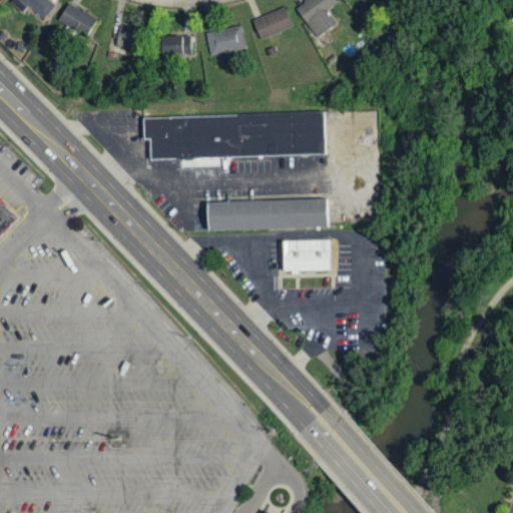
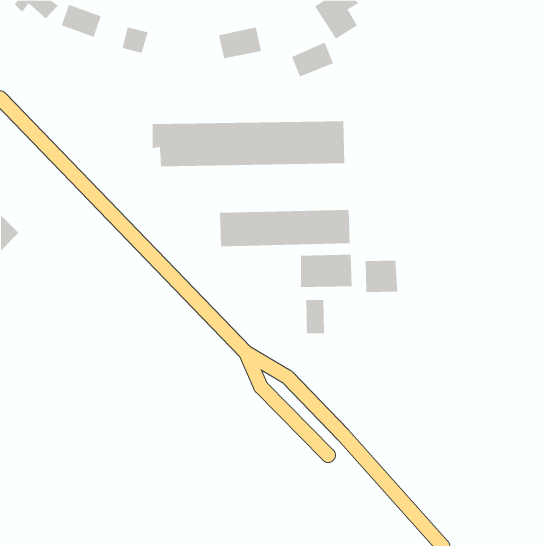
building: [252,7,293,40] -> [291,42,334,77]
building: [160,35,191,55] -> none
building: none -> [365,260,398,293]
building: none -> [306,299,325,334]

